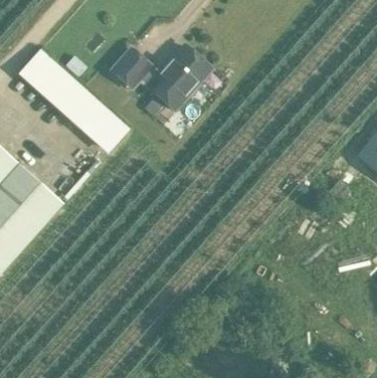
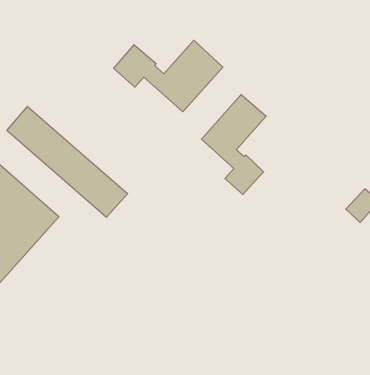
building: [21,49,130,149] -> [7,107,128,217]
building: none -> [201,94,266,194]

